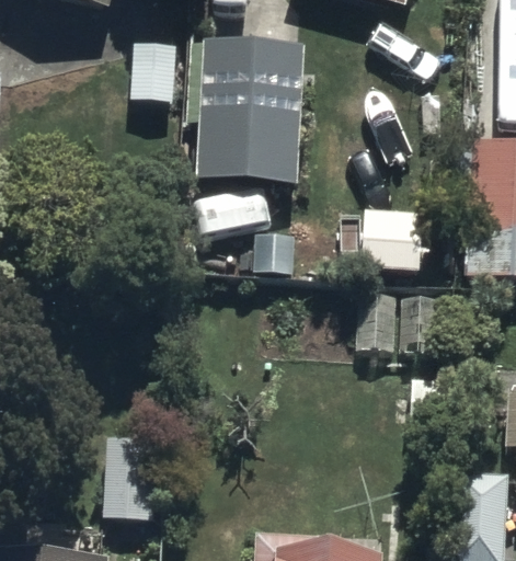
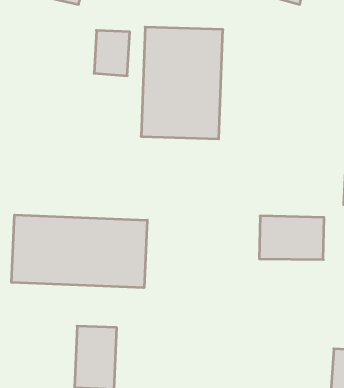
building: none -> [11,215,147,288]

